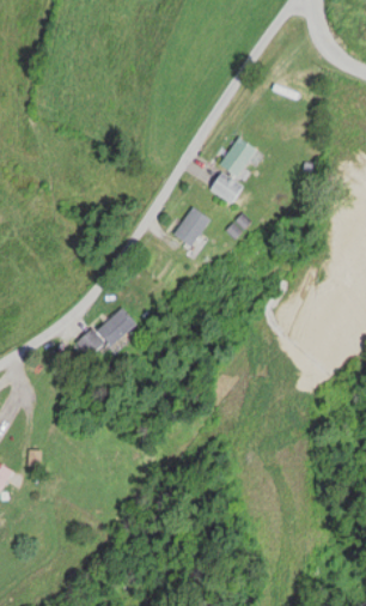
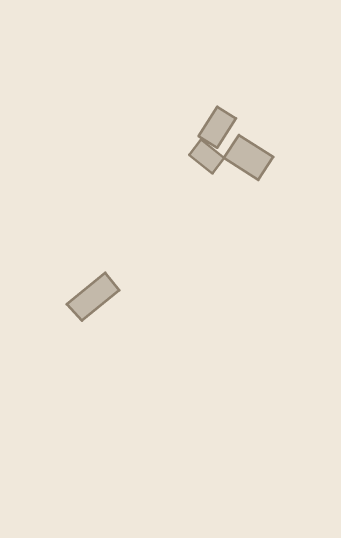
building: none -> [224,135,273,180]
building: [172,208,209,248] -> none

